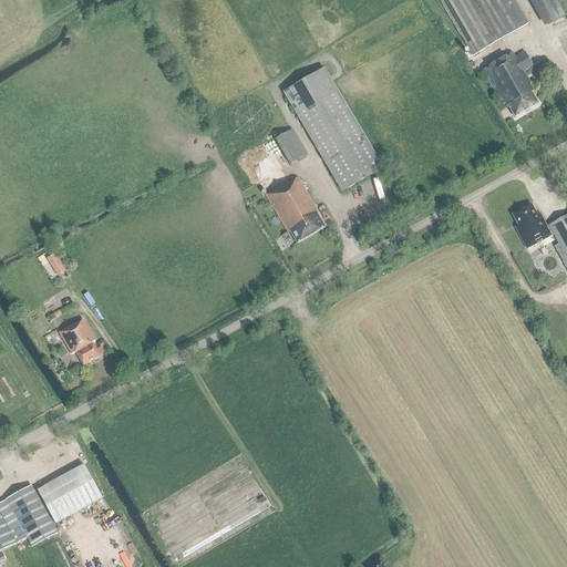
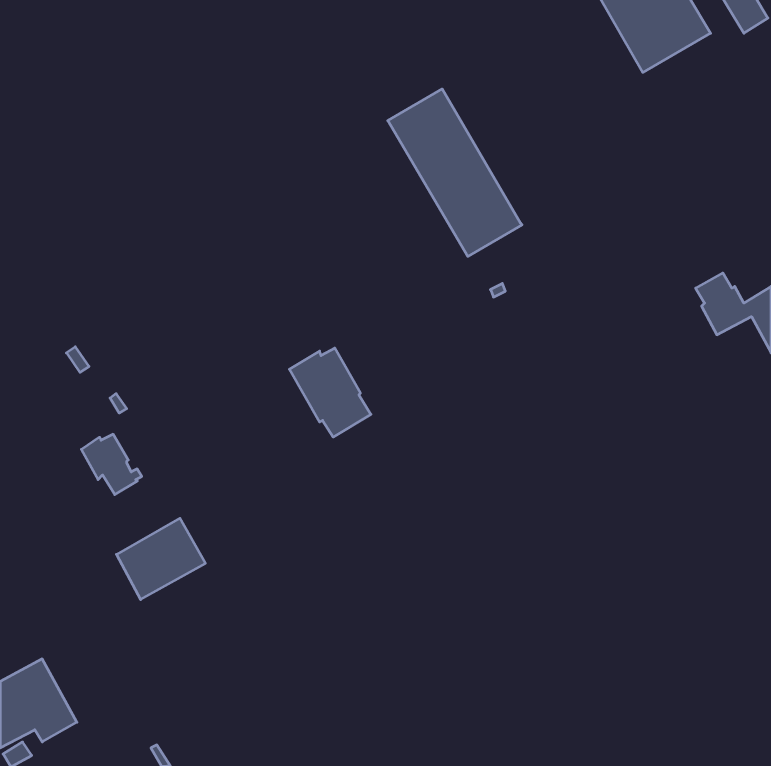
building: [483,51,538,115] -> none
building: [276,127,307,162] -> none
building: [266,175,326,240] -> [289,348,371,437]
building: [37,463,102,523] -> [116,518,205,600]

